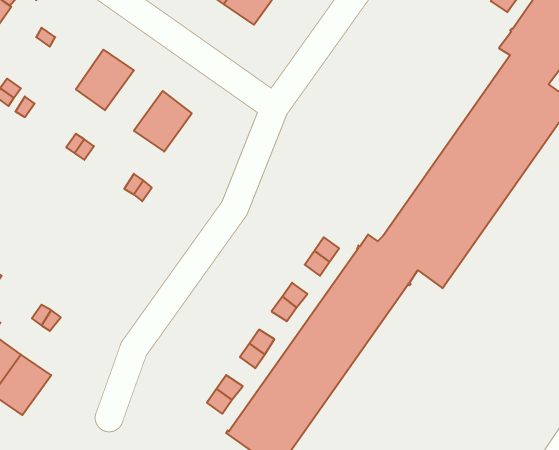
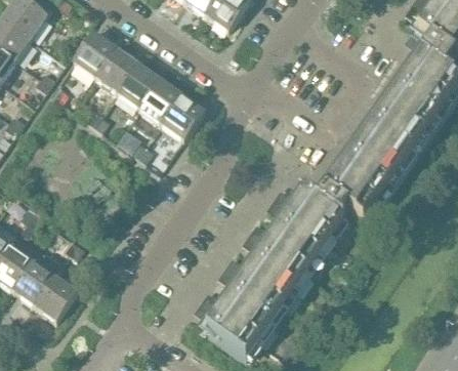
building: none -> [74,33,117,78]
building: none -> [118,64,161,109]
building: none -> [162,95,205,140]

